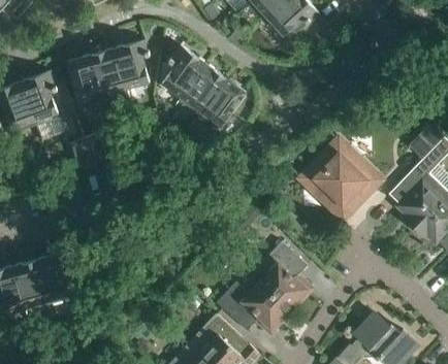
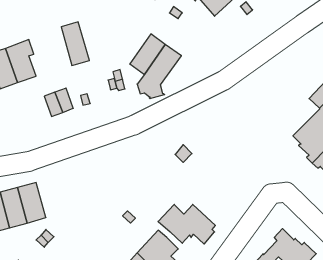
building: [114,39,150,97] -> none
building: [162,44,206,101] -> none
building: [68,54,105,110] -> none
building: [299,137,382,213] -> none
building: [260,240,311,307] -> none

